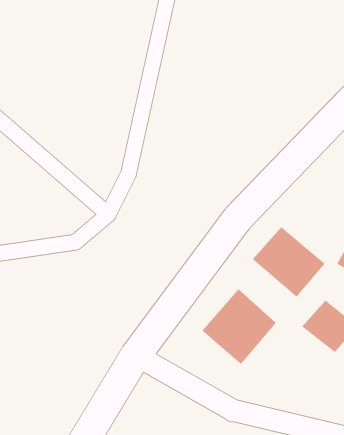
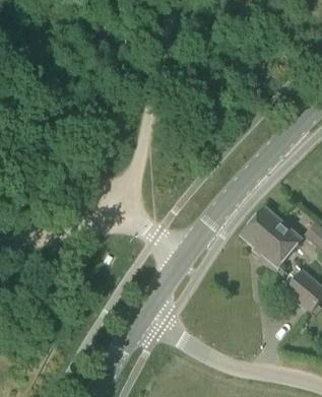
building: [202,288,277,365] -> none

